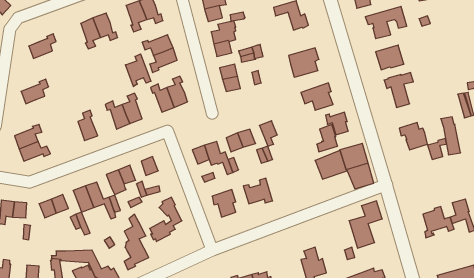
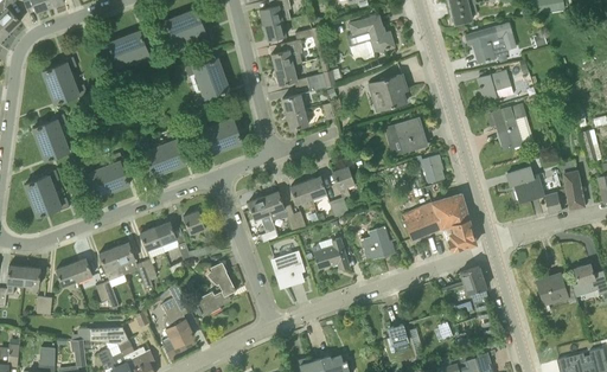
building: none -> [49,77,88,103]
building: [125,54,151,87] -> none
building: none -> [39,134,78,160]
building: none -> [83,162,113,197]
building: [317,124,338,152] -> [365,225,391,259]

